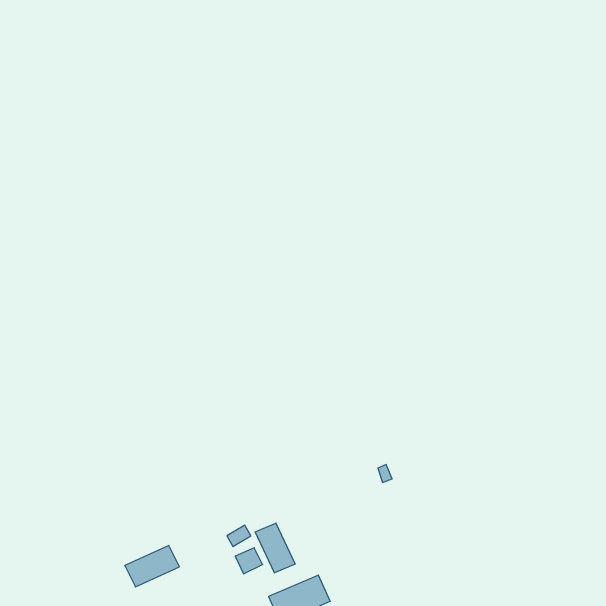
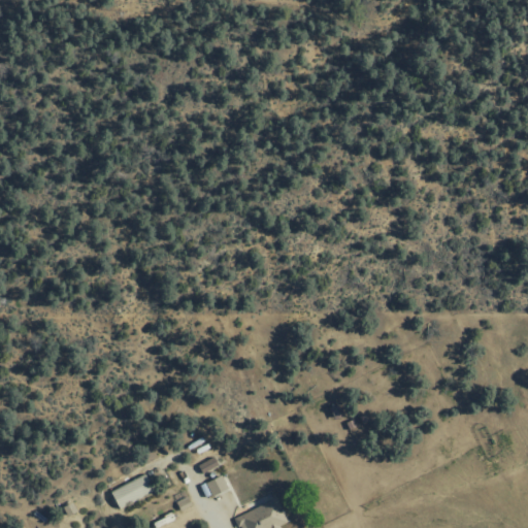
building: [255,523,295,573] -> none

